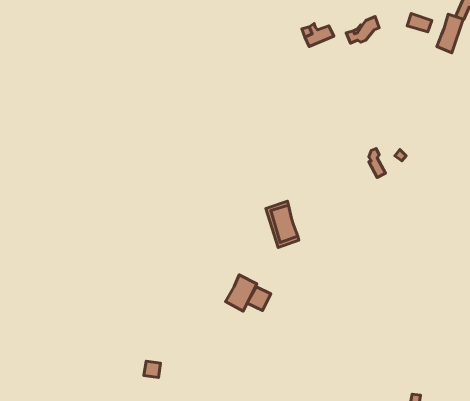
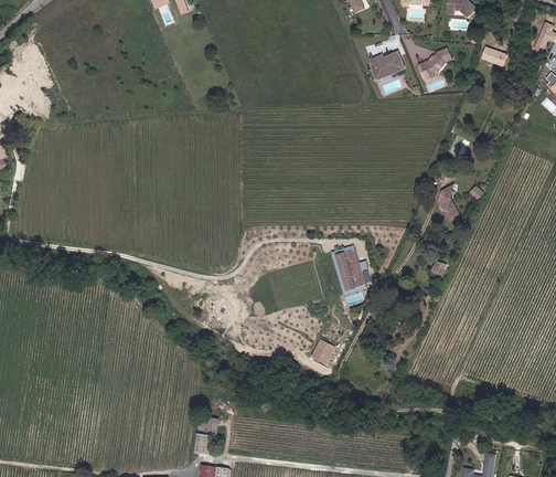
building: [437,14,463,53] -> none
building: [226,275,257,311] -> none

